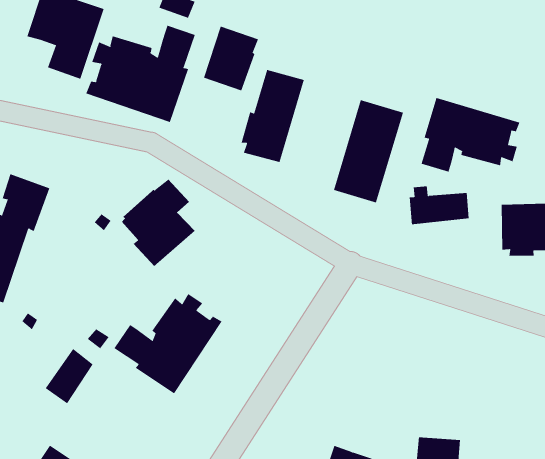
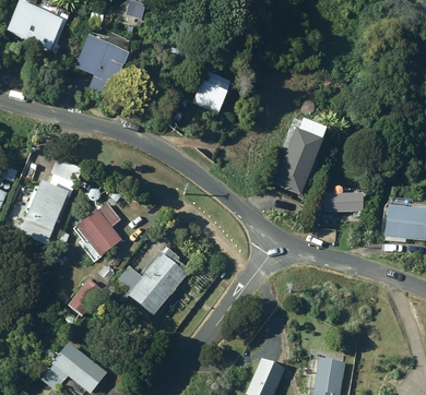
building: [86,25,195,123] -> none
building: [241,69,305,163] -> none
building: [421,97,520,172] -> none
building: [121,179,196,267] -> [74,202,123,260]

